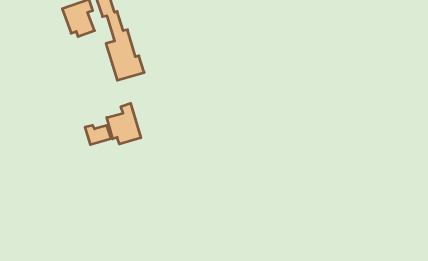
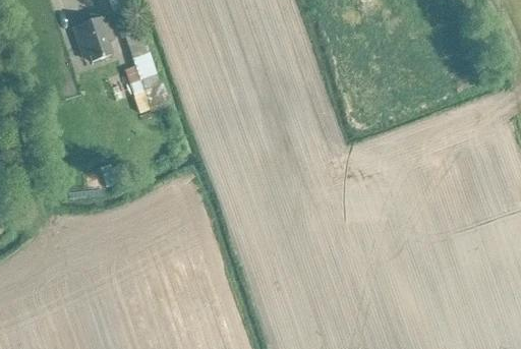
building: [107,103,141,144] -> none

